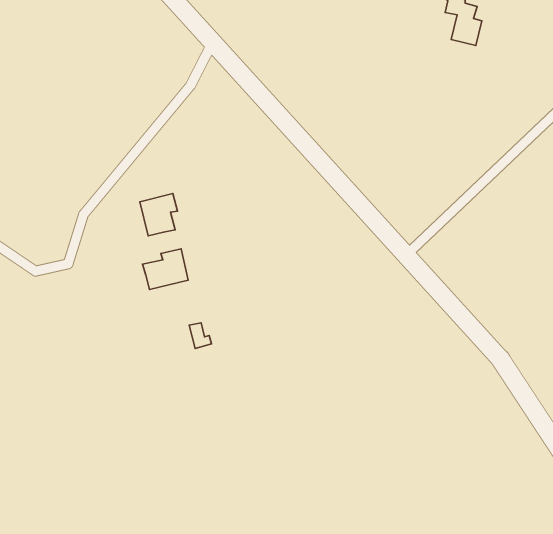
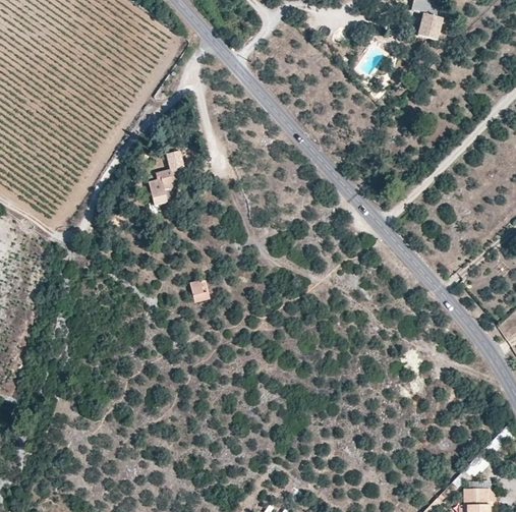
building: [143,249,188,289] -> none

